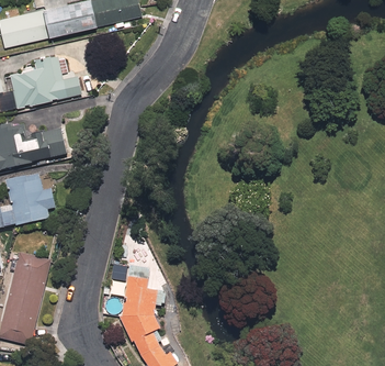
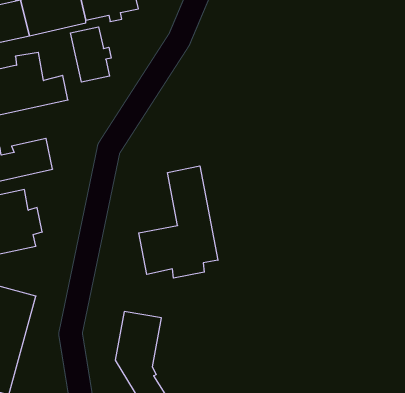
building: none -> [71,27,111,82]
building: none -> [139,166,218,278]

